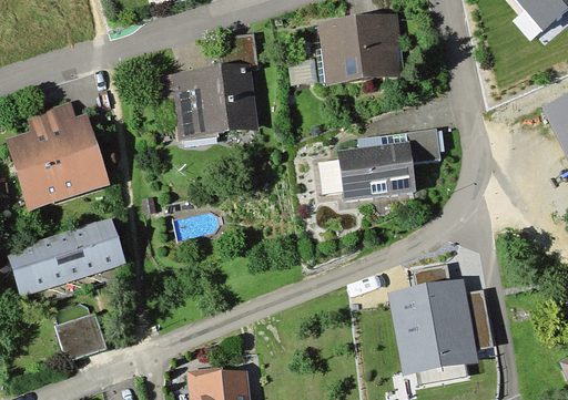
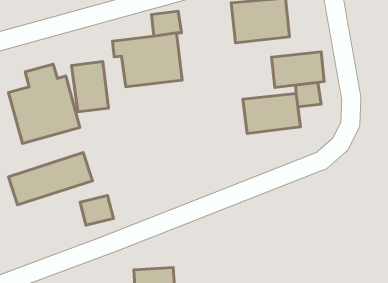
building: none -> [271,52,324,88]
building: none -> [72,62,109,112]
building: [394,277,475,363] -> none
building: [64,320,109,360] -> [80,195,113,225]

